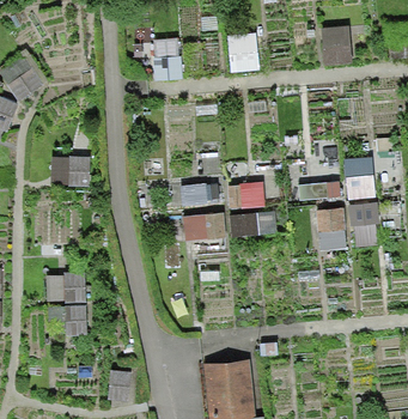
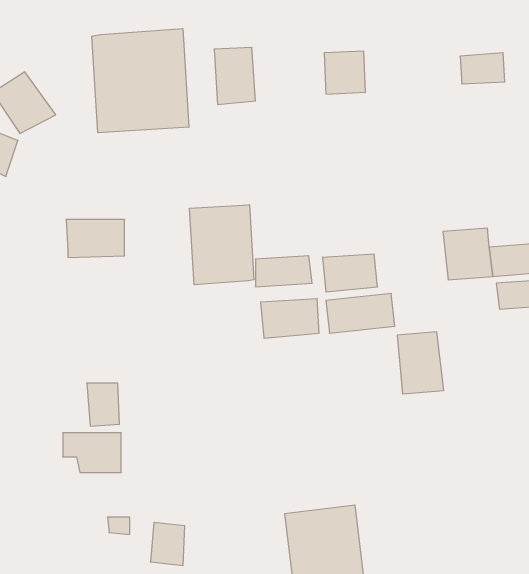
building: none -> [92,29,189,133]
building: none -> [190,205,254,285]
building: [317,208,349,251] -> [397,332,444,394]

